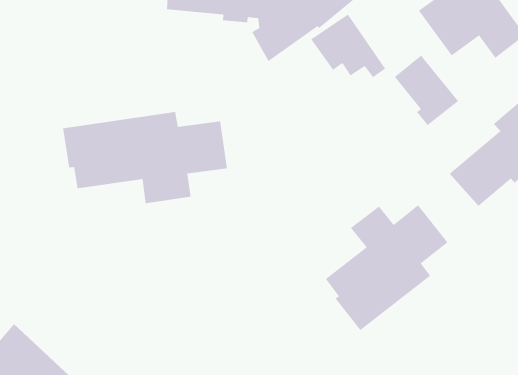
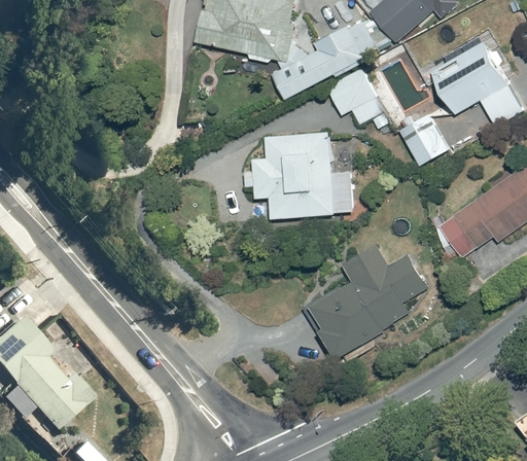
building: none -> [244,132,354,219]
building: [62,111,228,204] -> none

